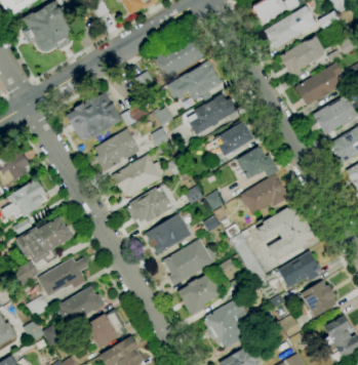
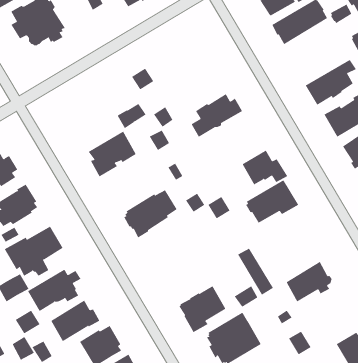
building: [155,33,206,78] -> none
building: [279,36,324,78] -> none
building: [165,60,222,102] -> none
building: [66,92,121,140] -> none
building: [213,122,253,157] -> none
building: [111,155,164,197] -> none
building: [255,203,315,260] -> none
building: [145,213,191,254] -> none
building: [162,239,216,286] -> none
building: [299,280,336,318] -> none

